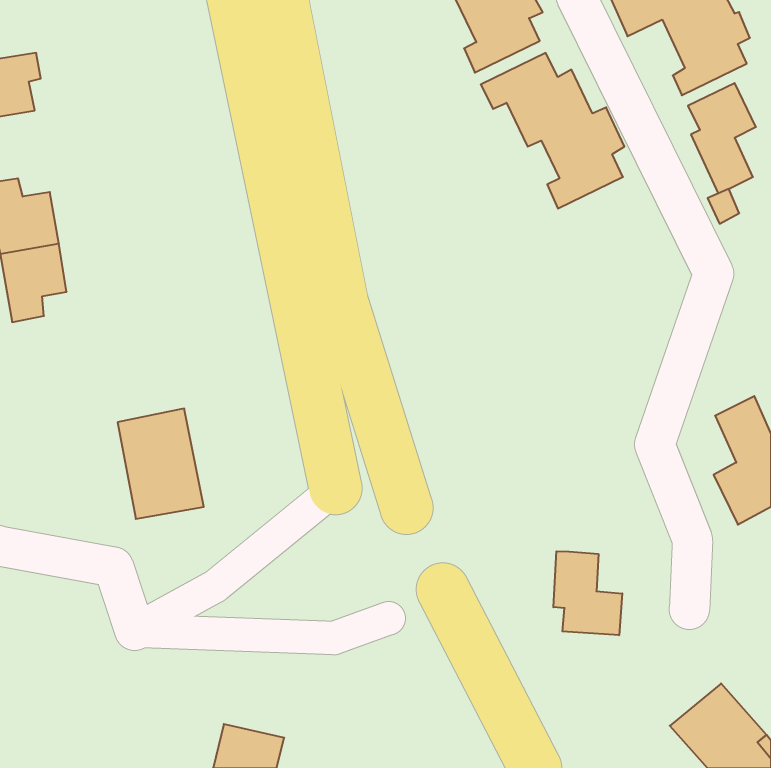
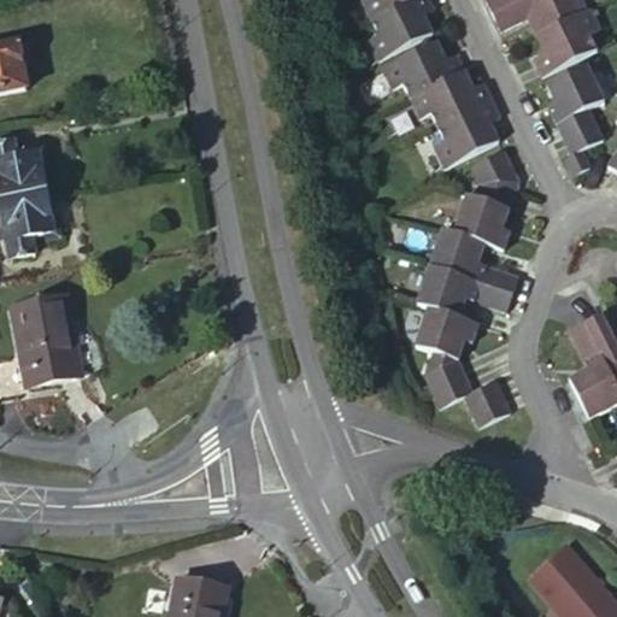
building: none -> [416,151,516,427]
building: [118,409,204,519] -> [13,296,82,384]
building: [553,551,622,635] -> none

